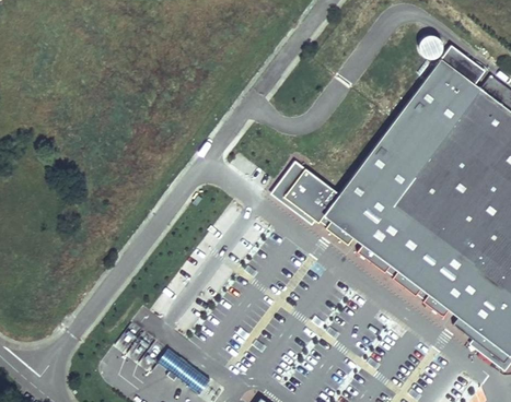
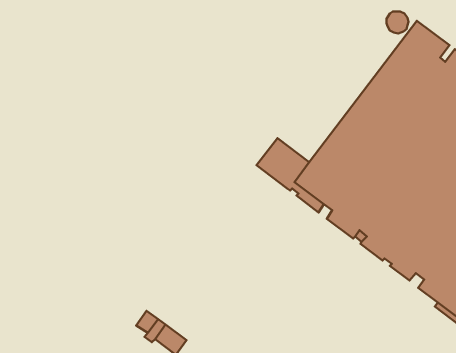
building: [271,161,316,224] -> none

